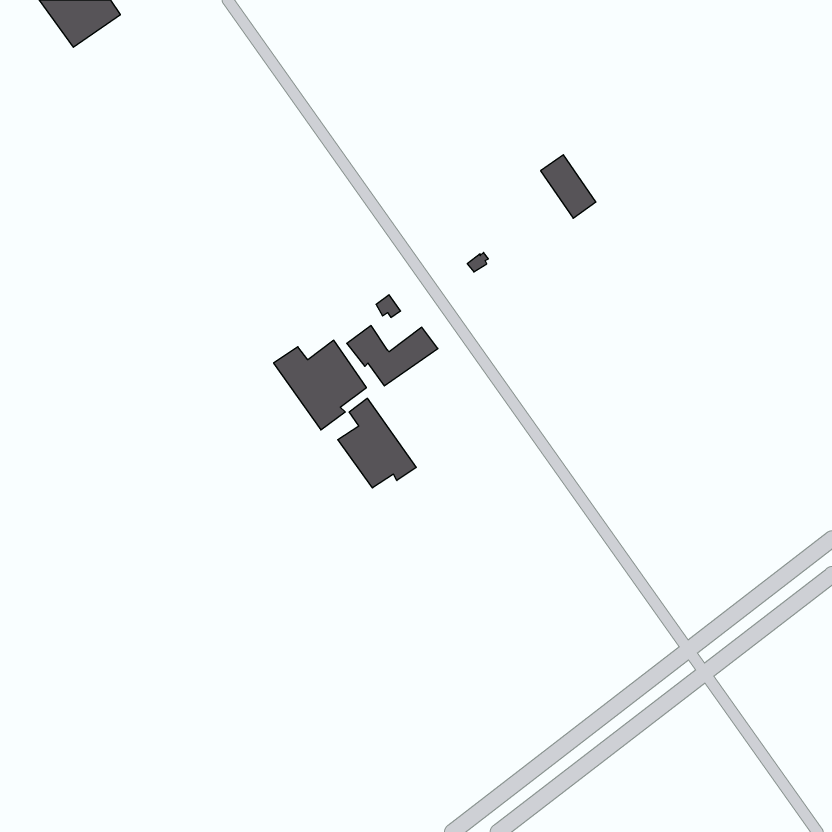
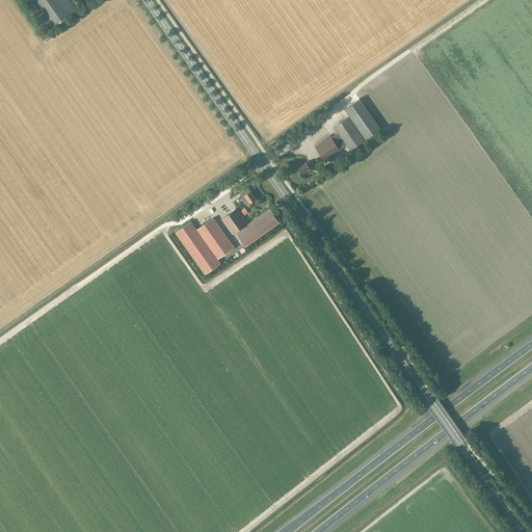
building: none -> [315,117,364,161]
building: [338,398,416,488] -> none

